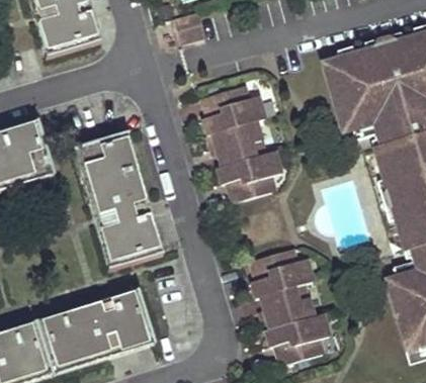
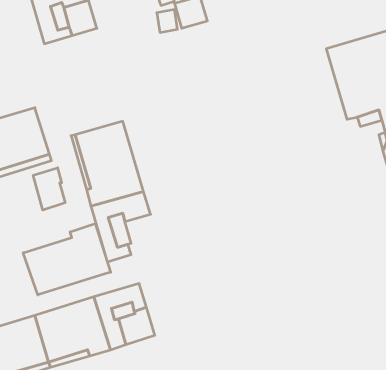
building: [203,83,281,200] -> none
building: none -> [33,168,65,210]
building: [126,223,160,263] -> none
building: none -> [23,224,111,295]
building: [251,246,329,362] -> none

